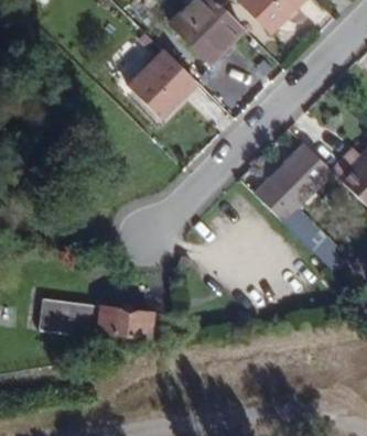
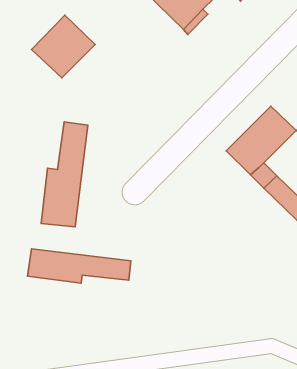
building: [128,50,197,118] -> [31,15,95,78]
building: none -> [41,122,88,227]

